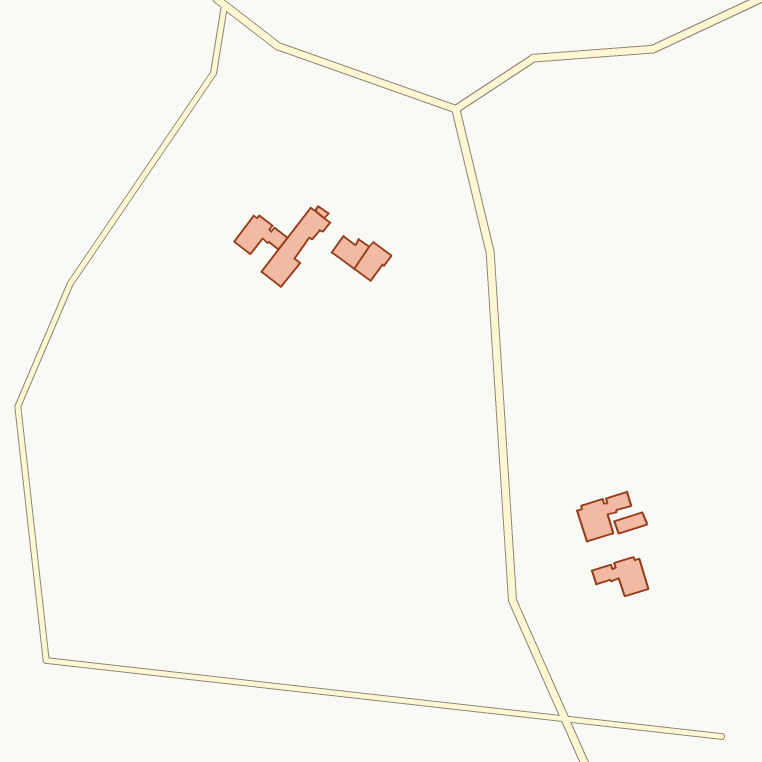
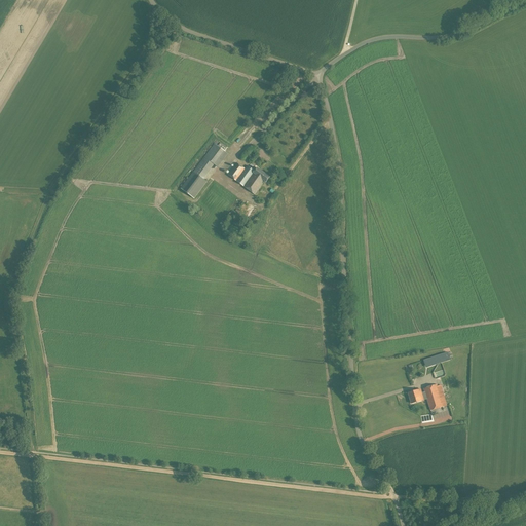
building: [234,216,288,254] -> none
building: [577,492,631,542] -> none

